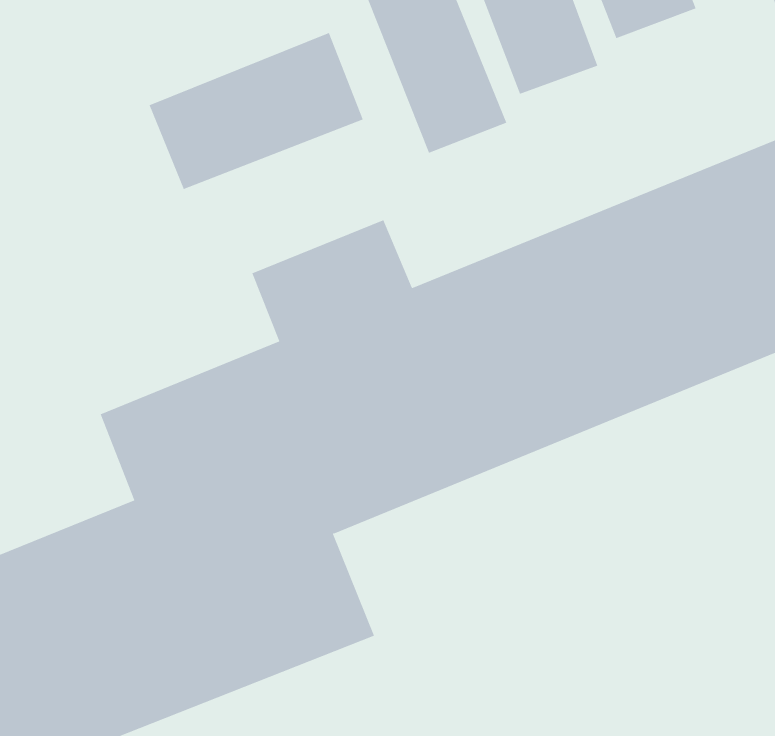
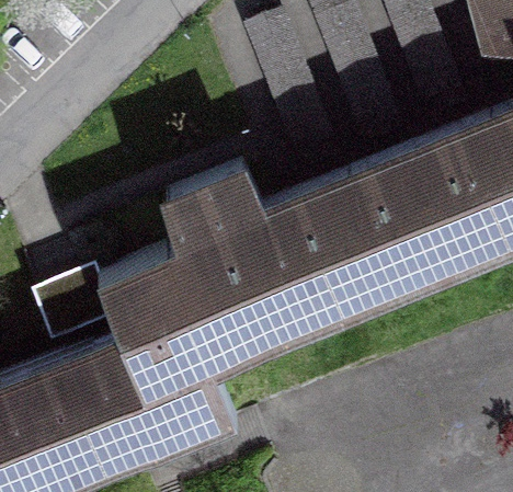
building: [149,32,364,190] -> none

